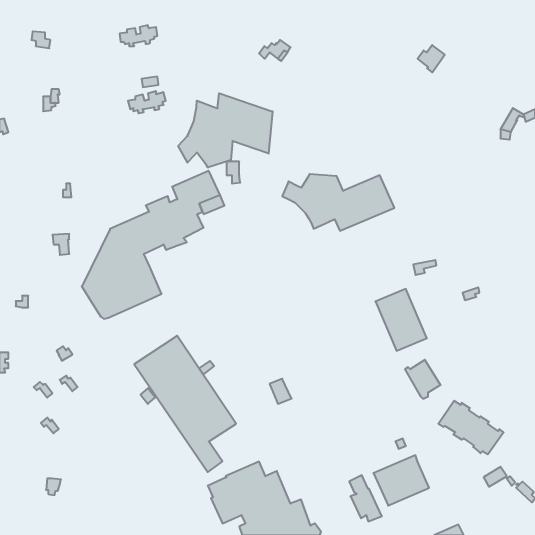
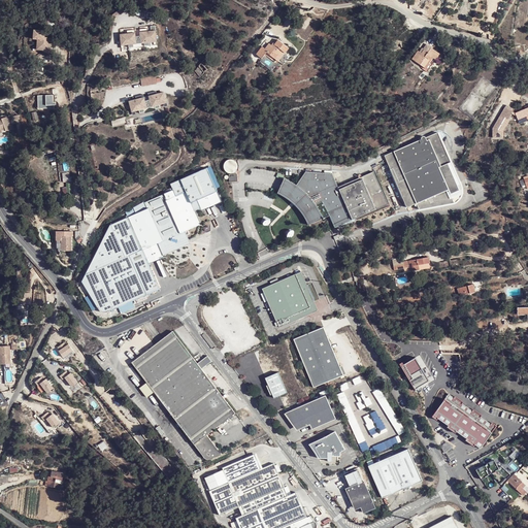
building: [178,93,273,168] -> none
building: none -> [383,132,460,210]
building: none -> [141,232,190,263]
building: none -> [262,269,317,327]
building: [375,289,427,351] -> [292,326,342,387]
building: none -> [283,394,335,430]
building: none -> [308,431,344,458]

